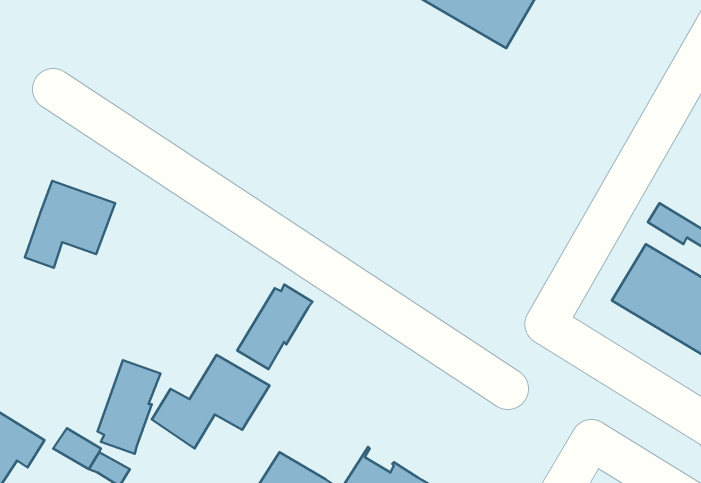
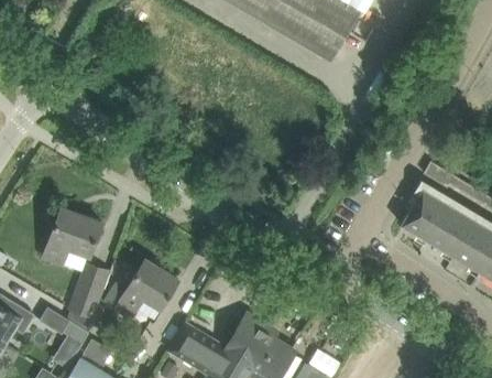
building: [25,181,115,268] -> [44,208,102,264]
building: [237,284,312,369] -> none

